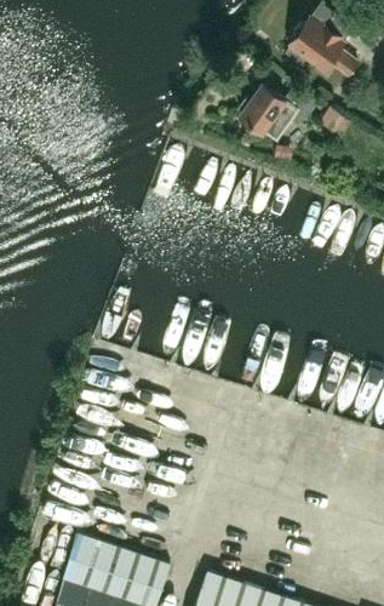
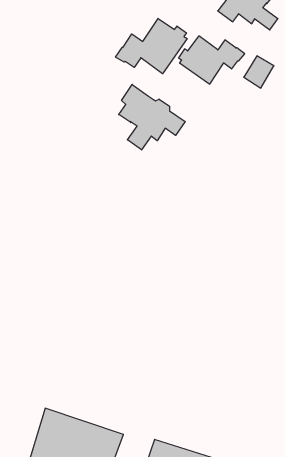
building: none -> [116,18,187,74]
building: none -> [119,84,185,150]

